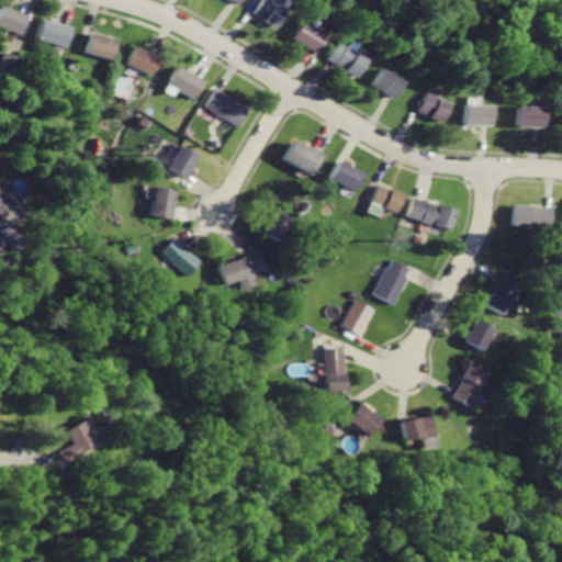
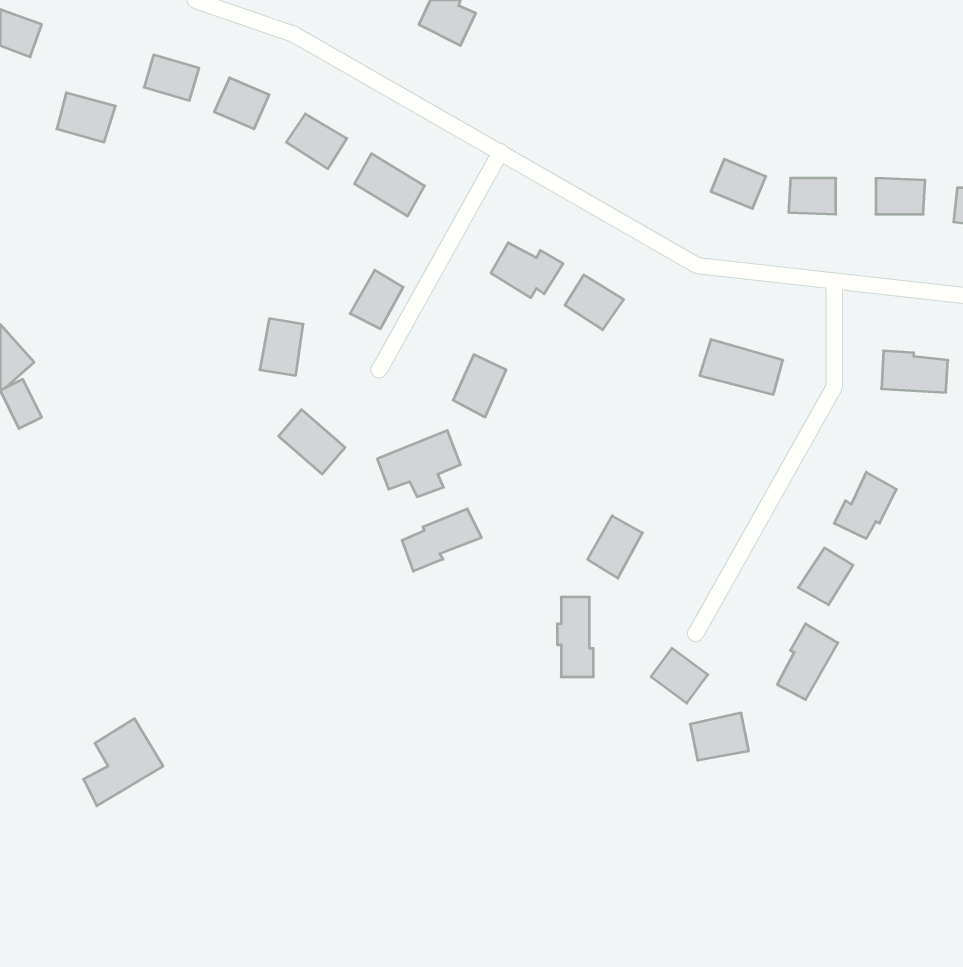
building: [38,19,72,47] -> [57,93,116,142]
building: [285,21,321,53] -> none
building: [325,43,363,79] -> none
building: [367,68,401,100] -> none
building: [171,145,202,179] -> [350,270,403,329]
building: [372,184,404,212] -> none
building: [376,259,412,305] -> none
building: none -> [402,509,481,571]
building: [351,404,384,436] -> [651,648,708,703]

